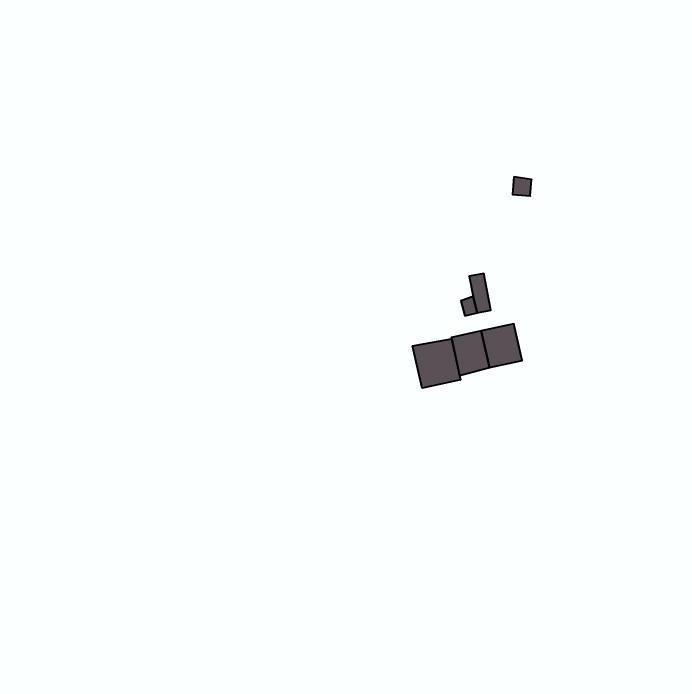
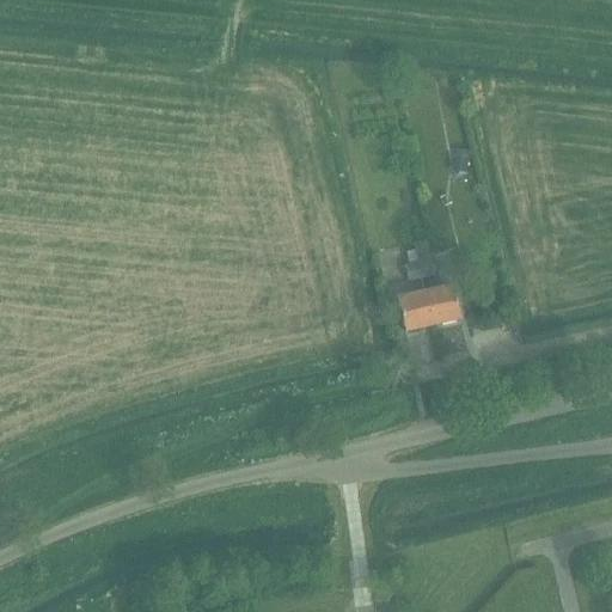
building: [413,339,460,388] -> none

